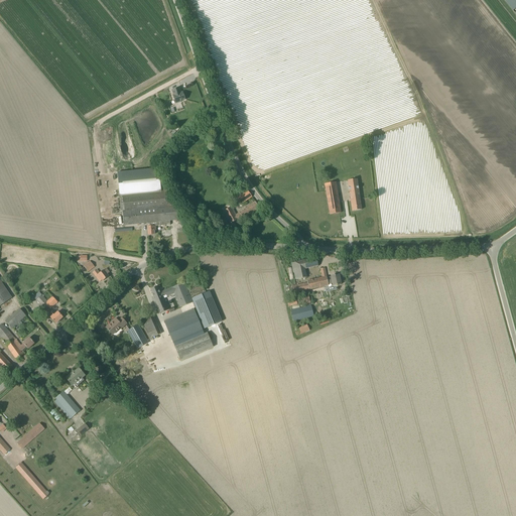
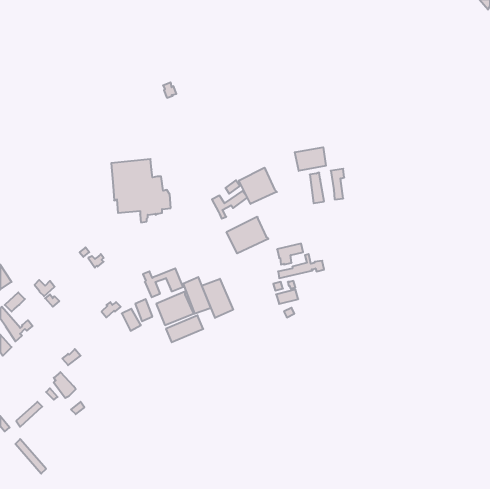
building: none -> [295,147,326,171]
building: none -> [239,168,277,204]
building: none -> [227,217,268,253]
building: none -> [202,279,233,318]

